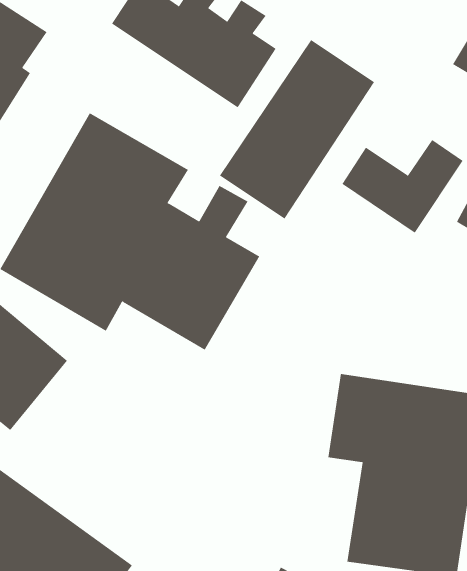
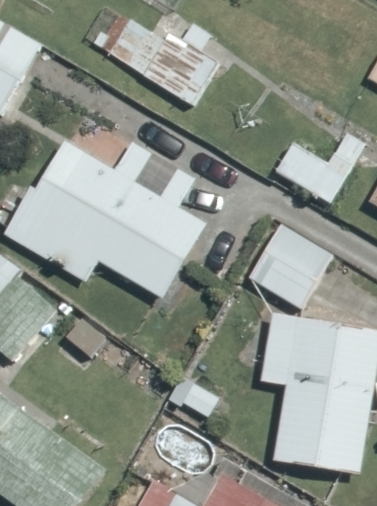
building: [219,39,375,219] -> none
building: none -> [242,219,335,311]

